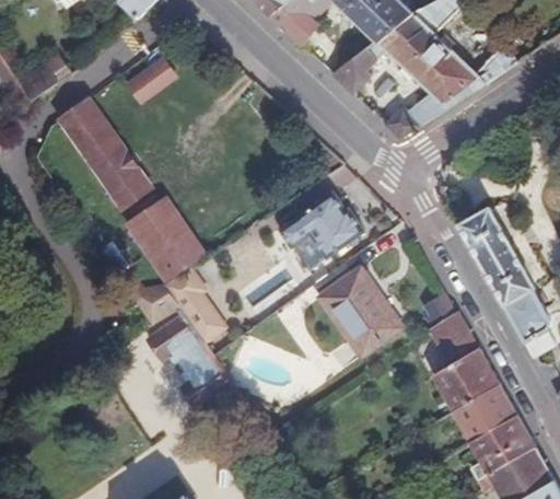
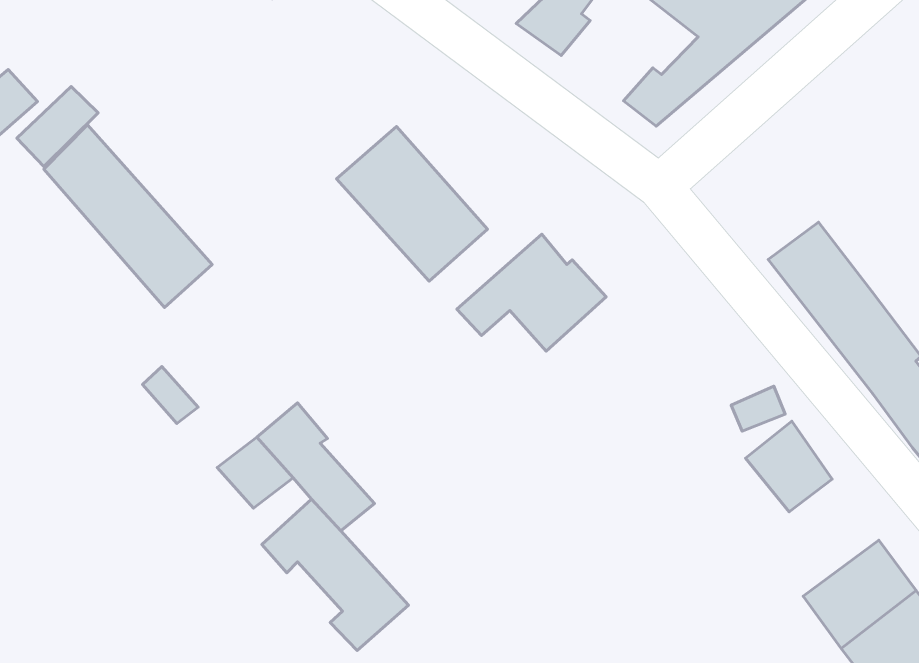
building: [122,62,170,105] -> [17,87,98,166]
building: [117,190,198,279] -> [336,126,488,281]
building: [320,269,400,355] -> none
building: [432,347,499,410] -> none

